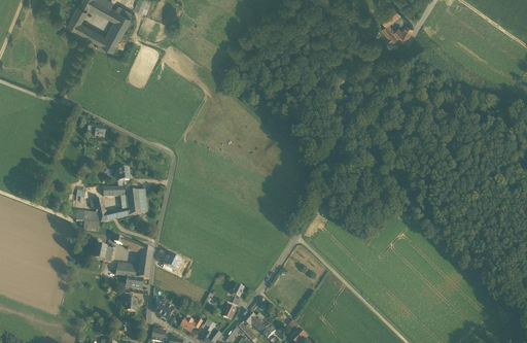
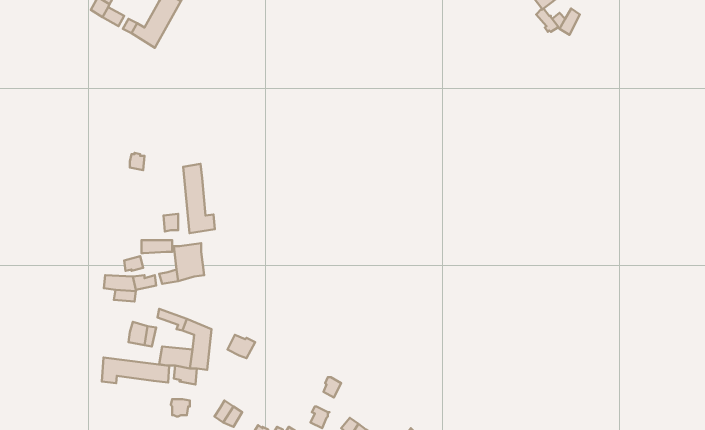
building: none -> [183,164,215,233]
building: none -> [102,357,169,383]

